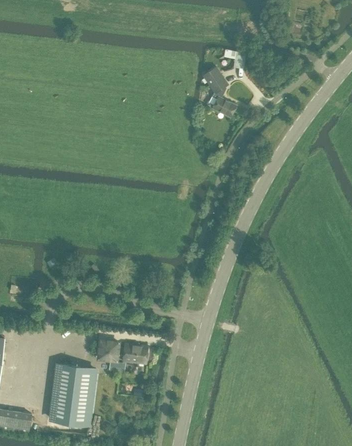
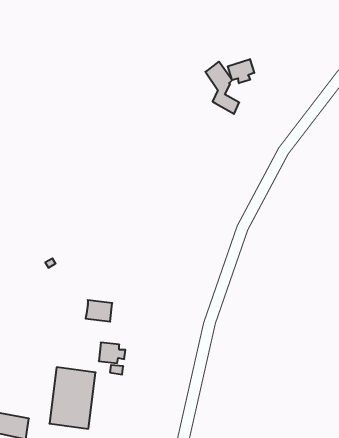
building: none -> [228,59,254,83]
building: [122,343,148,364] -> [86,300,112,322]

